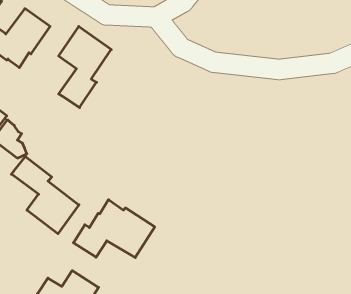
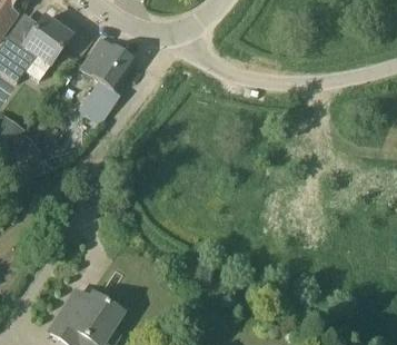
building: [11,157,79,234] -> none
building: [73,200,155,258] -> none

